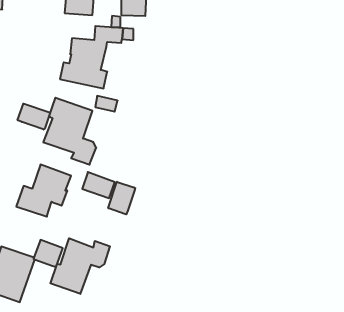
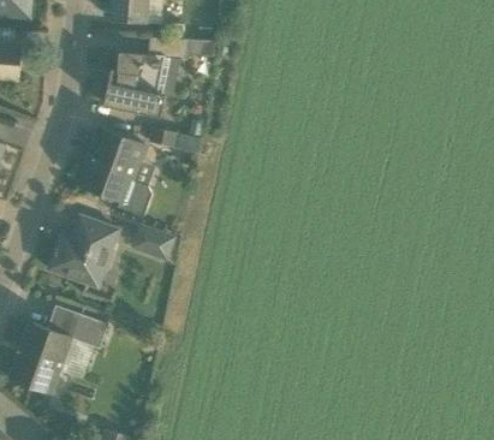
building: [18,104,50,130] -> none
building: [108,182,135,214] -> none
building: [50,238,110,294] -> none

